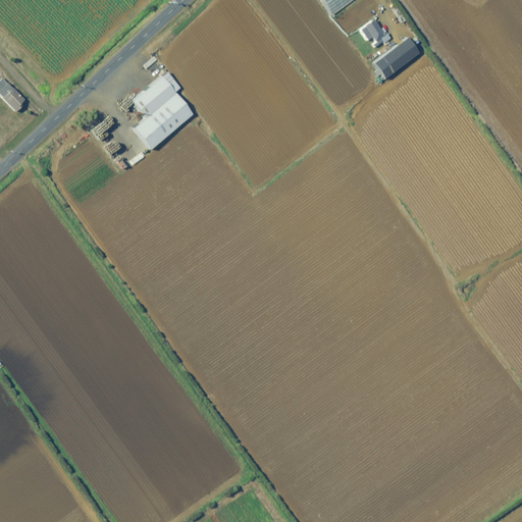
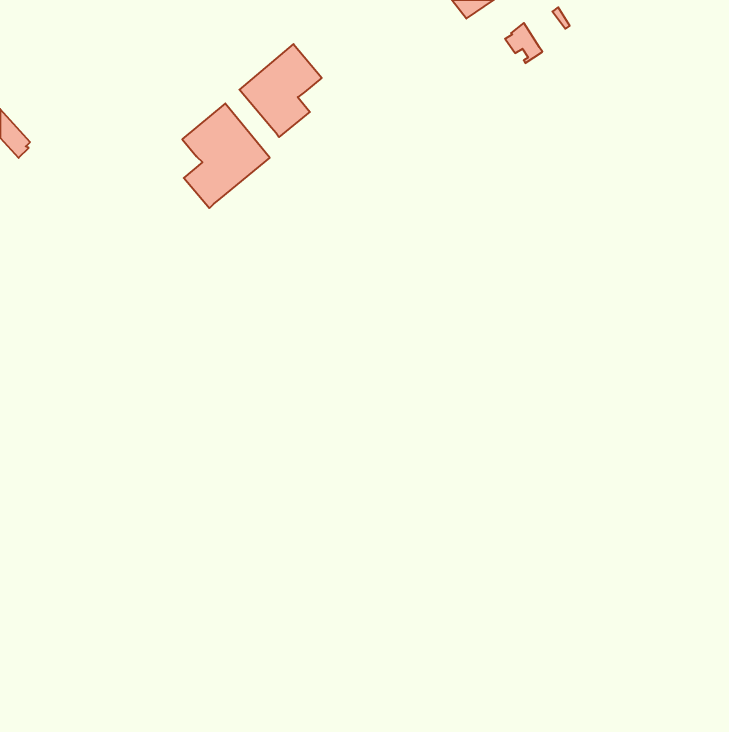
building: none -> [239,44,322,137]
building: [375,36,421,80] -> none

